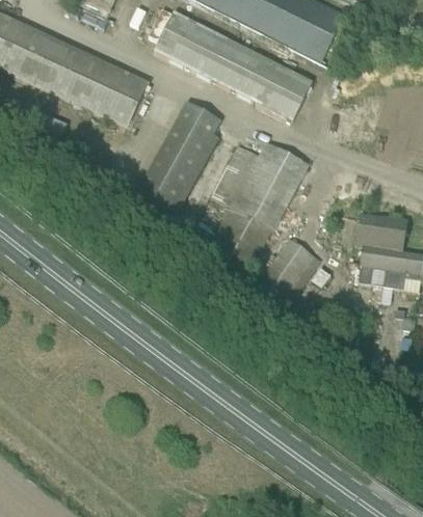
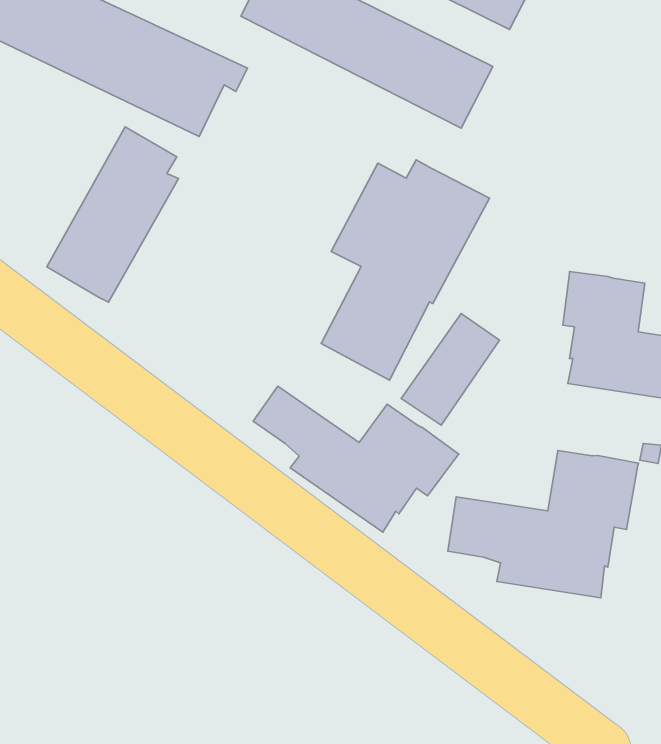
building: [137,104,219,213] -> [47,127,179,302]
building: none -> [253,386,459,532]
building: none -> [448,451,639,598]

